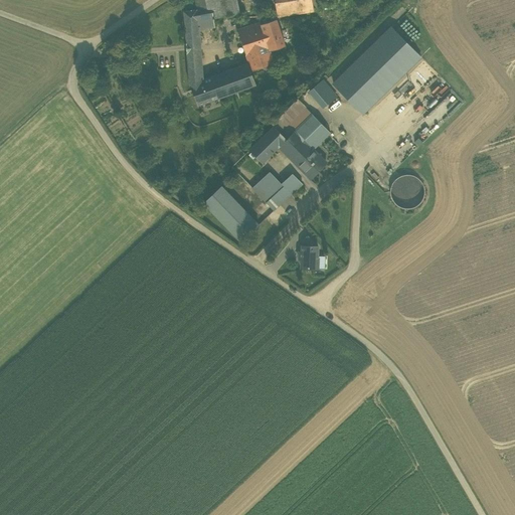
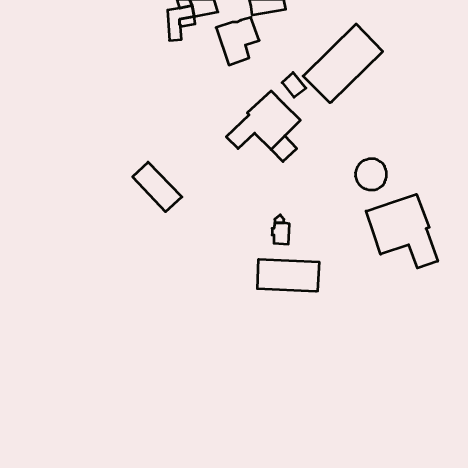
building: [187,50,255,106] -> none
building: [251,171,302,210] -> none
building: [204,186,259,240] -> [133,162,182,212]
building: none -> [366,194,438,268]
building: none -> [257,259,319,291]

